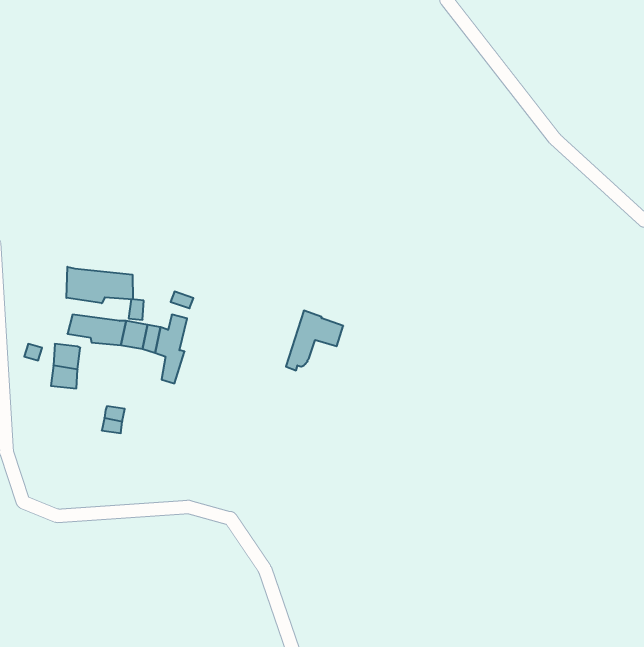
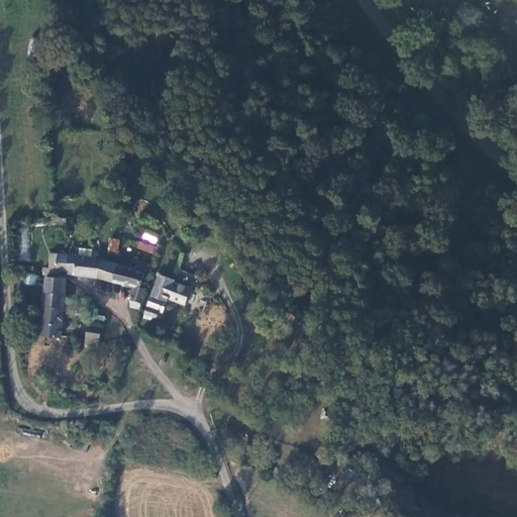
building: [66,267,133,303] -> none
building: [286,311,343,370] -> [143,278,189,325]
building: none -> [39,309,61,337]

